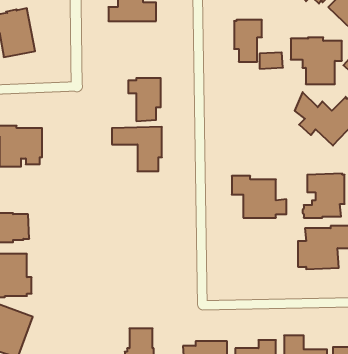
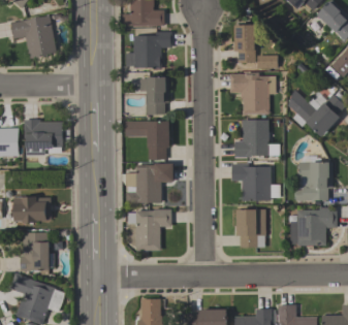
building: none -> [125,32,172,69]
building: [291,37,342,84] -> [229,73,275,115]
building: none -> [234,121,279,158]
building: none -> [125,164,173,203]
building: none -> [127,209,171,252]
building: none -> [235,209,265,248]

